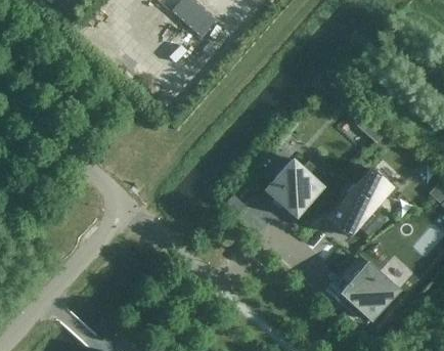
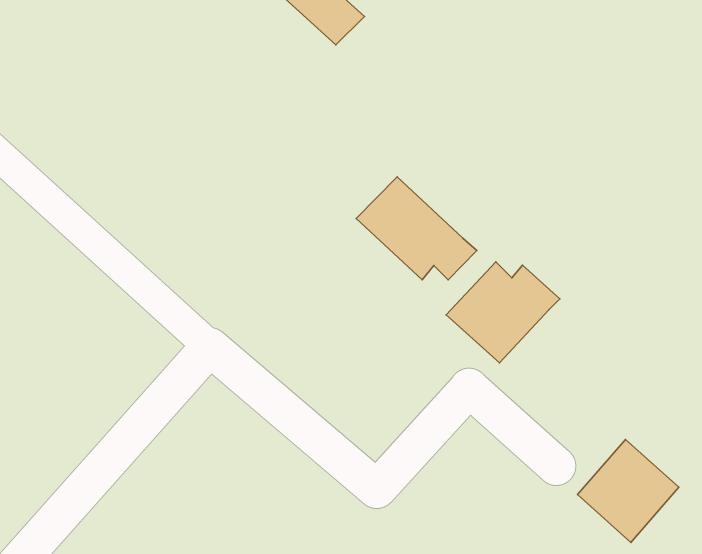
building: none -> [356,177,477,280]
building: [326,170,391,237] -> none

